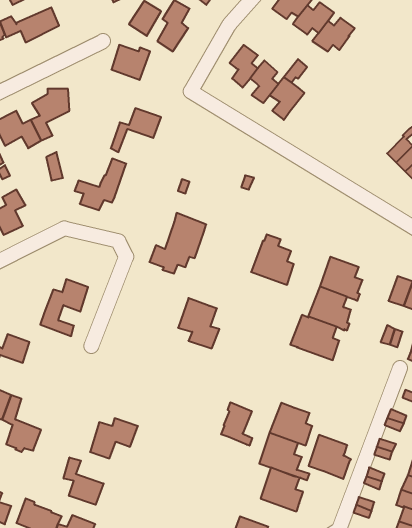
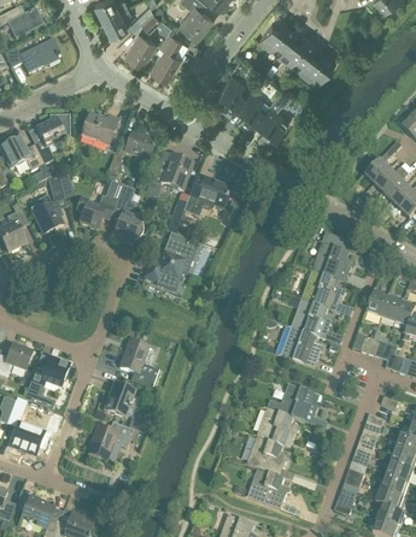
building: [111,45,150,80] -> [81,112,117,144]
building: none -> [160,154,191,188]
building: none -> [182,176,230,214]
building: none -> [111,183,140,241]
building: none -> [30,200,63,232]
building: [251,234,294,285] -> [312,235,352,282]
building: [40,279,88,336] -> [23,355,68,408]
building: [178,298,219,348] -> [119,338,158,385]
building: none -> [104,380,135,415]
building: [221,402,252,446] -> none
building: [309,435,351,479] -> [279,382,318,423]
building: [64,457,104,505] -> none

